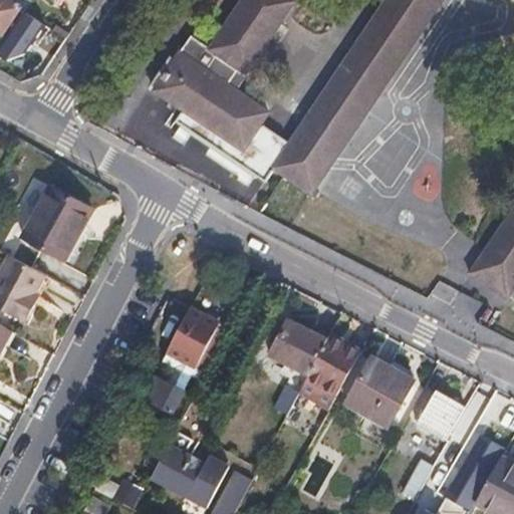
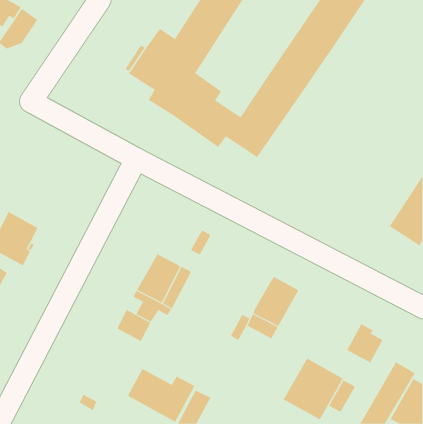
building: [23,187,90,257] -> none
building: [271,318,327,373] -> none
building: [336,355,410,431] -> [283,358,343,420]

